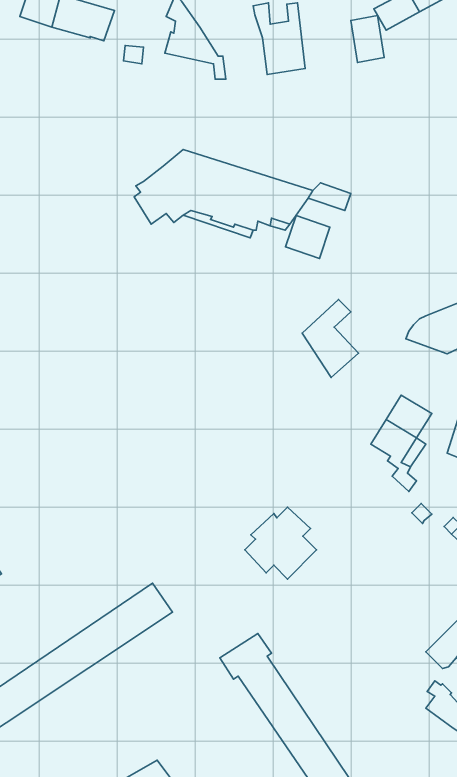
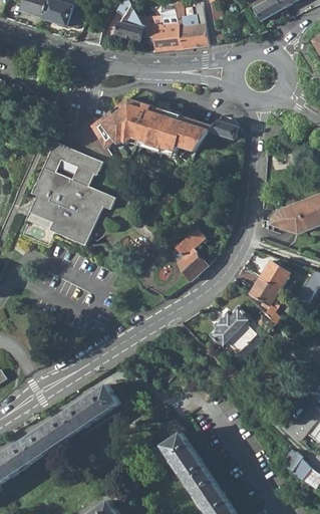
building: none -> [136,10,182,52]
building: [351,16,384,62] -> none
building: none -> [26,141,113,244]
building: [286,215,330,259] -> none
building: [302,300,358,377] -> [170,229,207,280]
building: [245,507,317,579] -> [210,306,257,353]

